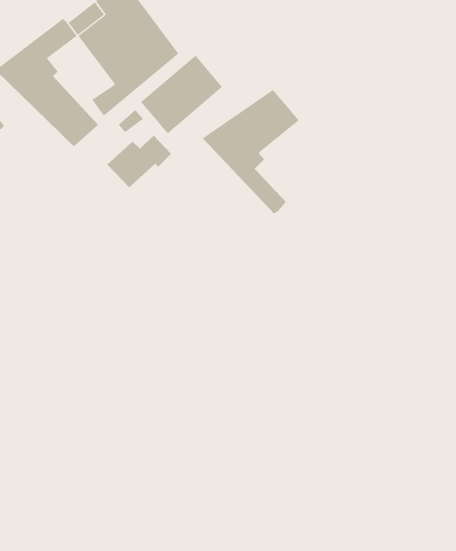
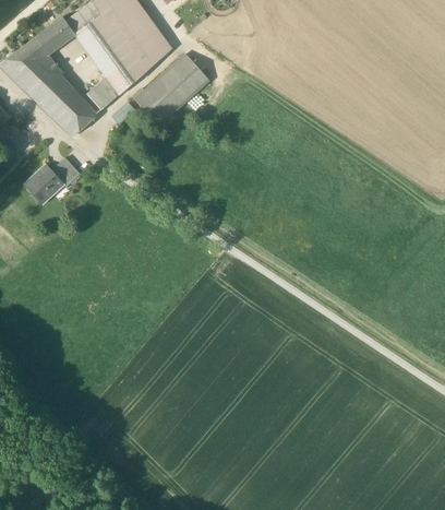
building: [202,89,299,215] -> none
building: [107,135,172,188] -> [23,156,83,205]

